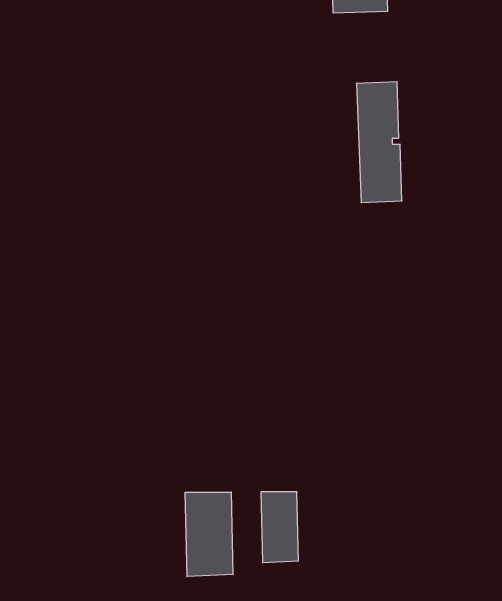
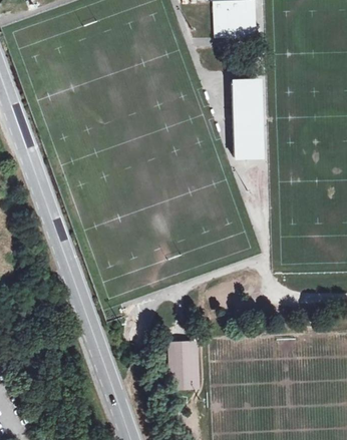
building: [185,492,233,577] -> none

